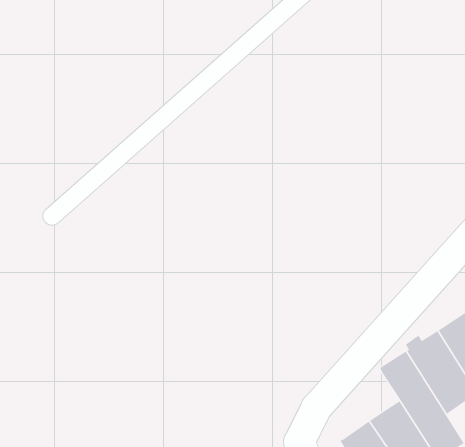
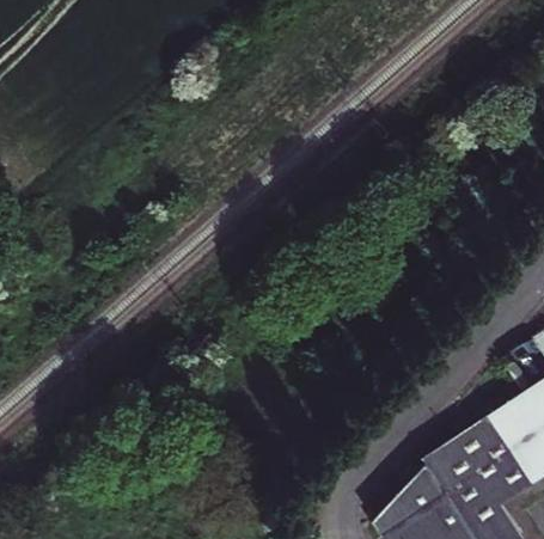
building: none -> [390,452,463,526]

